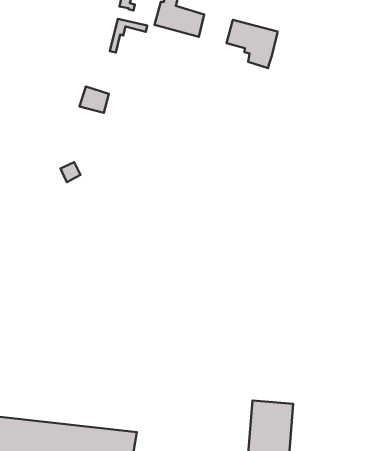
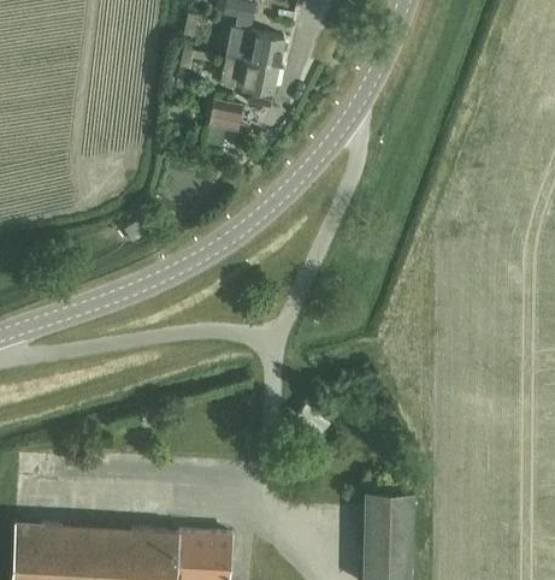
building: [227,20,277,68] -> [220,58,279,112]
building: [80,86,109,113] -> [208,103,242,134]

